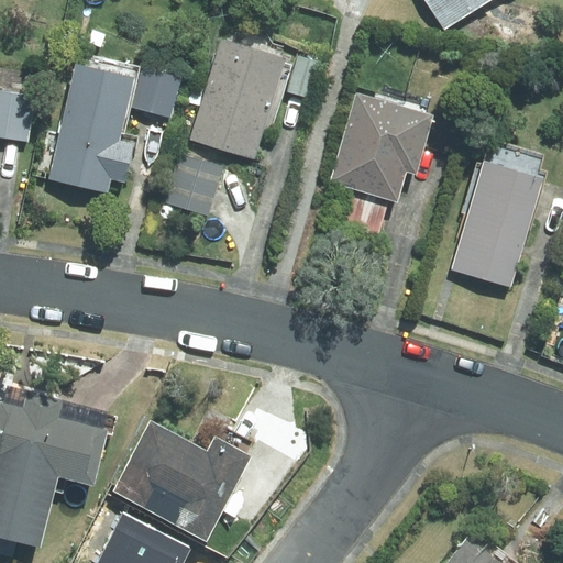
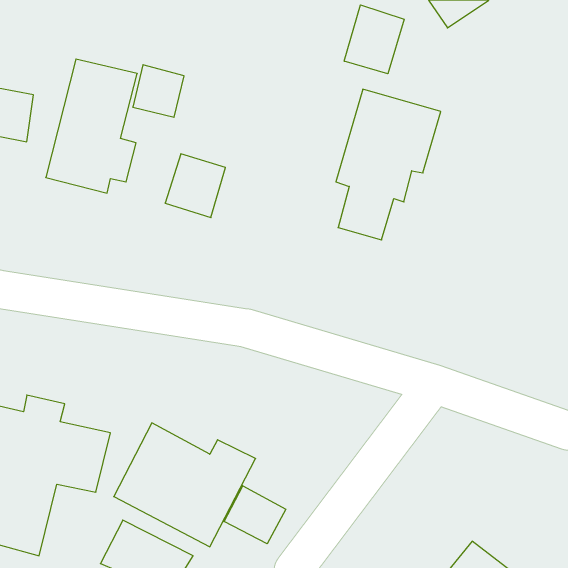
building: none -> [344,5,404,74]
building: [189,35,286,158] -> none
building: [451,157,543,286] -> none
building: none -> [224,486,286,544]

